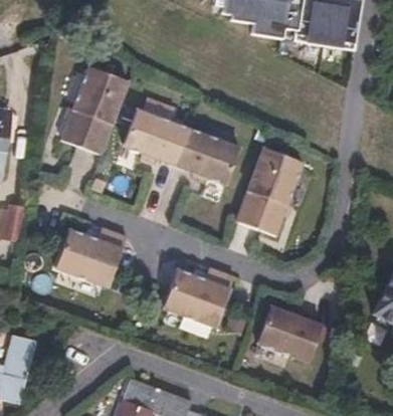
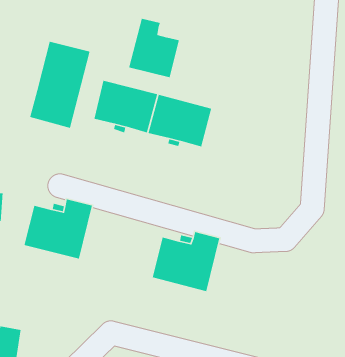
building: none -> [128,18,180,78]
building: [238,146,305,233] -> none
building: [259,302,325,358] -> none

